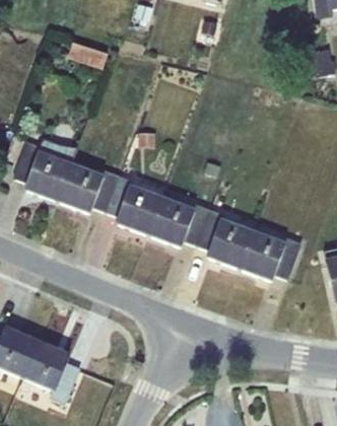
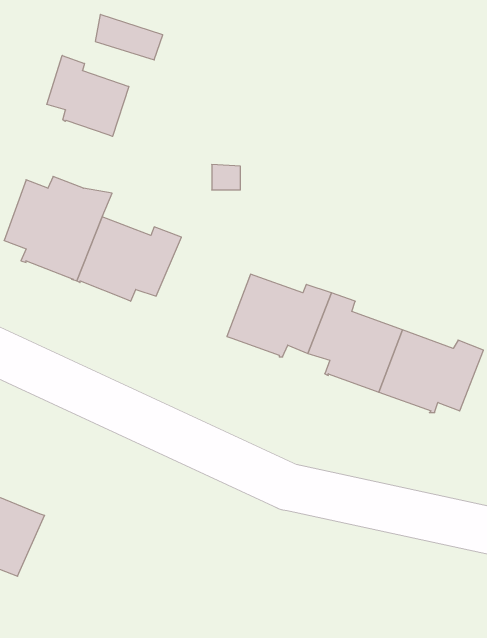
building: none -> [47,55,129,136]
building: [105,173,161,233] -> none
building: [21,341,79,402] -> none

